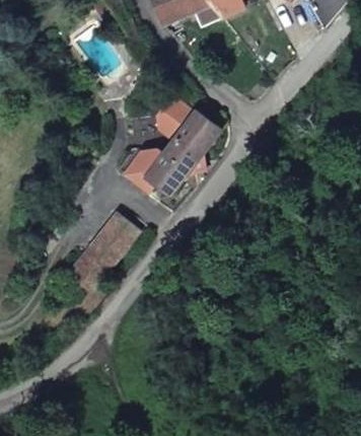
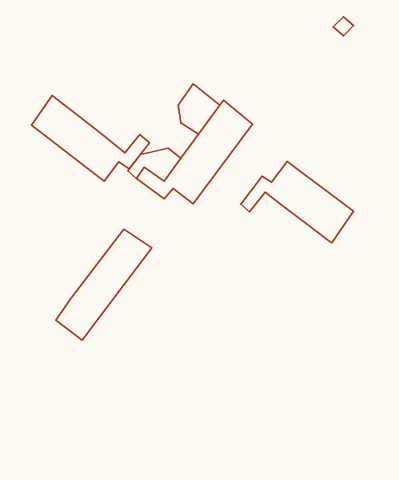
building: none -> [32,96,149,181]
building: none -> [241,161,354,243]

